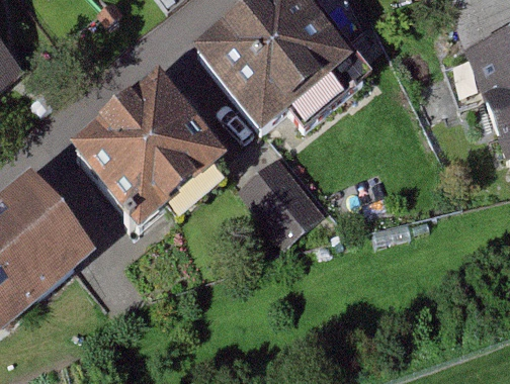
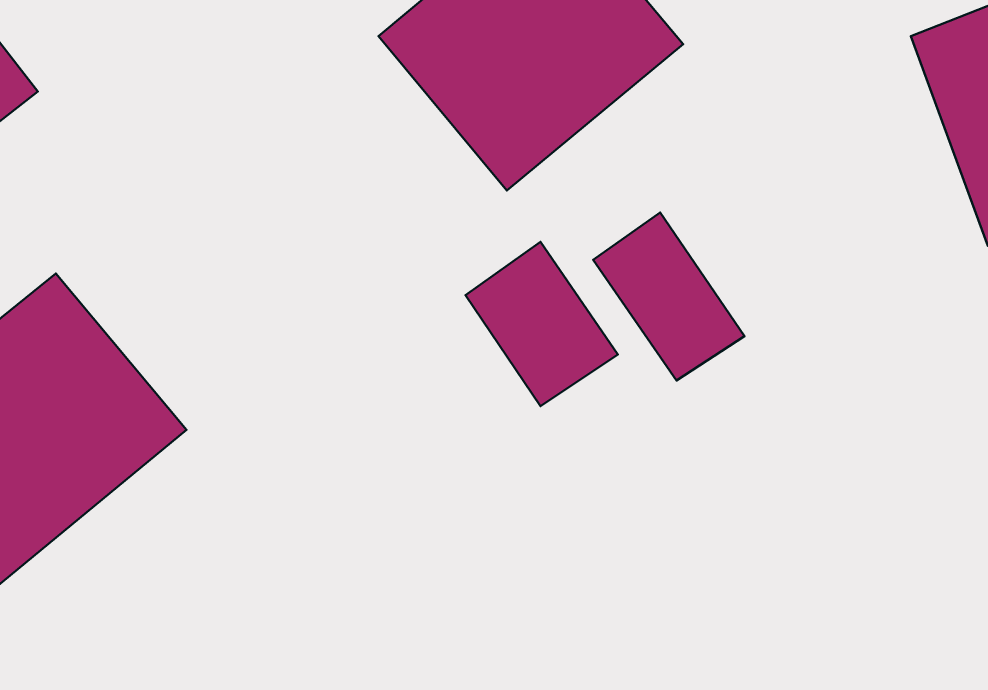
building: [73,82,224,229] -> none
building: none -> [593,213,745,381]

